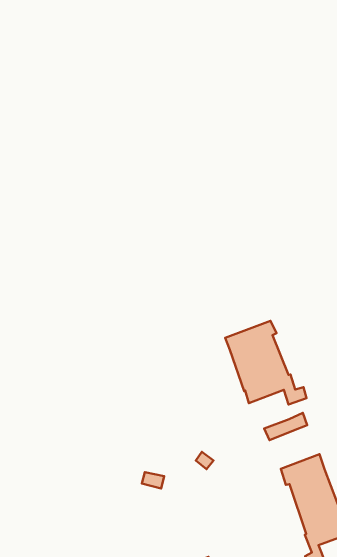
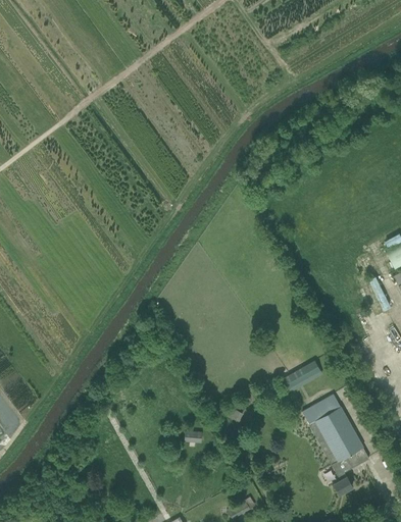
building: [225,321,307,405] -> none

